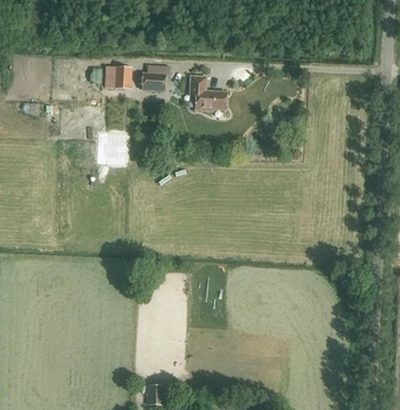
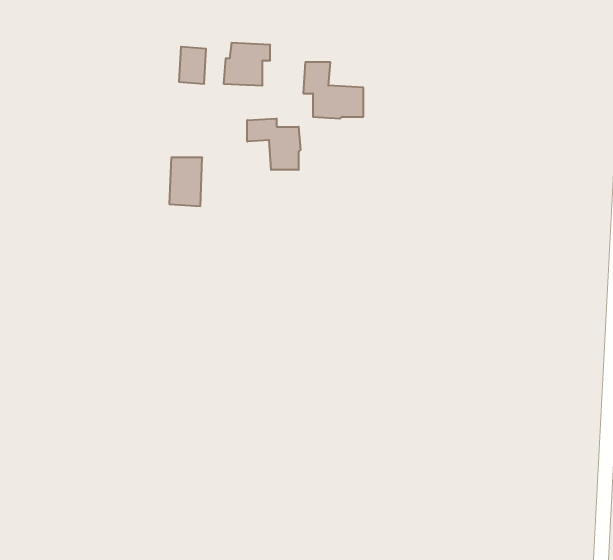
building: none -> [247,118,300,170]

